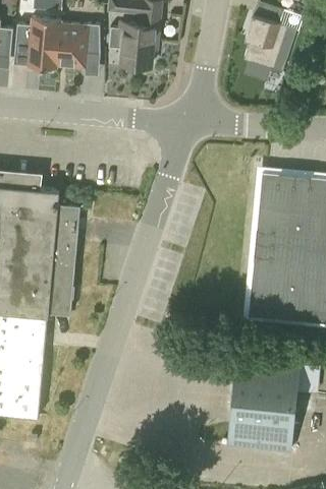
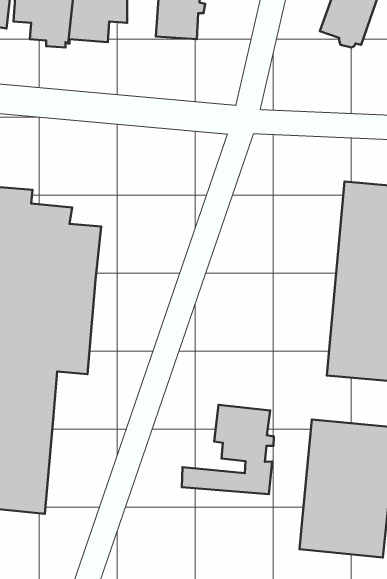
building: none -> [182,405,274,494]

